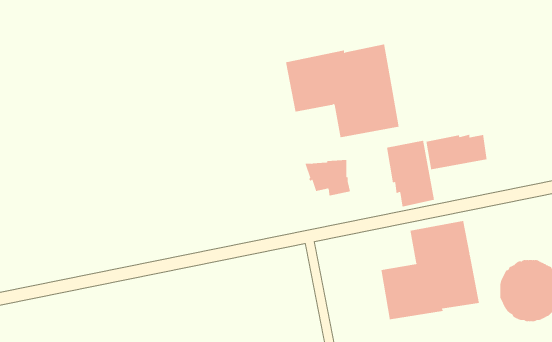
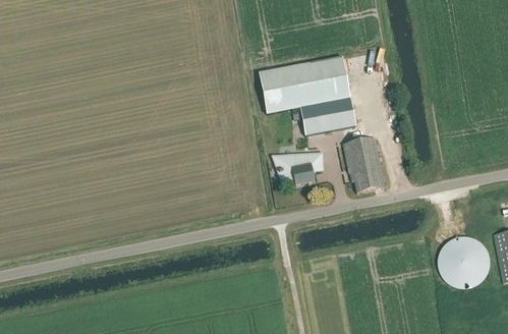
building: [426,134,487,170] -> none
building: [381,220,479,320] -> none

